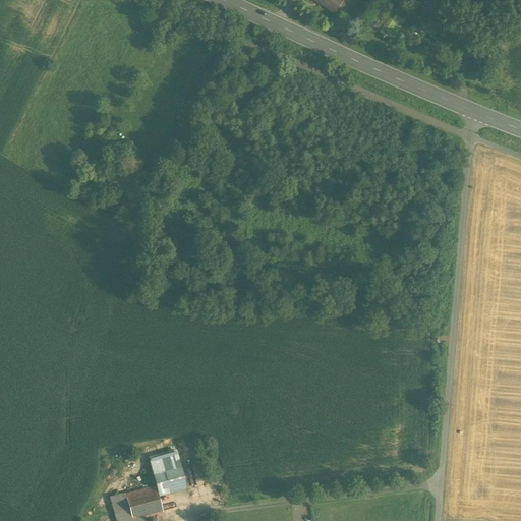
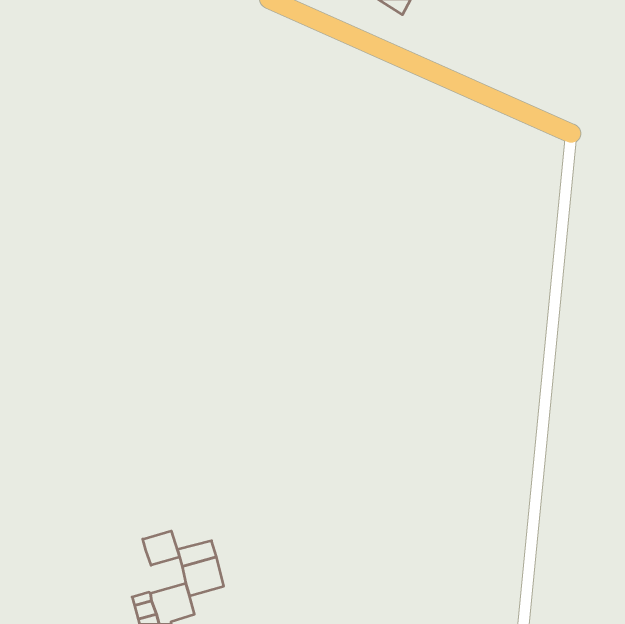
building: none -> [143,531,180,565]

